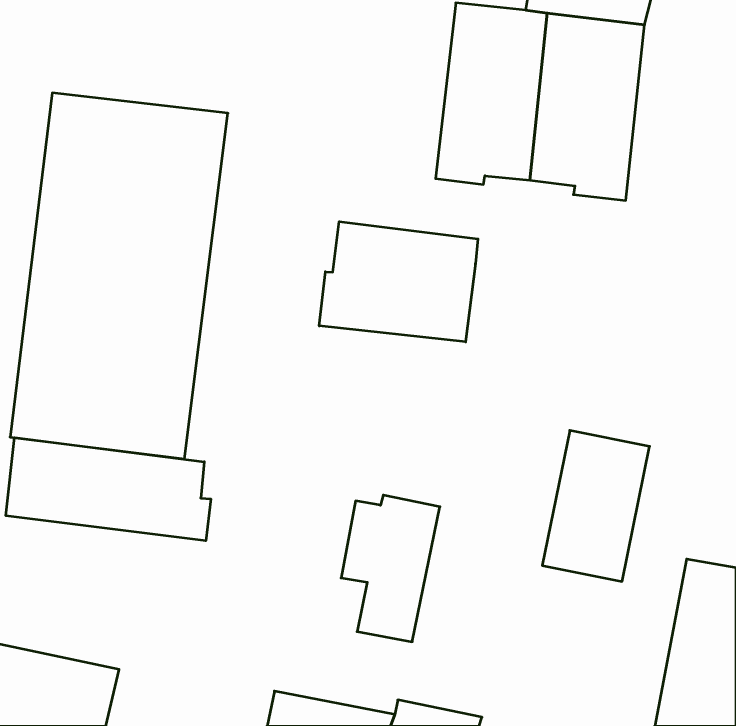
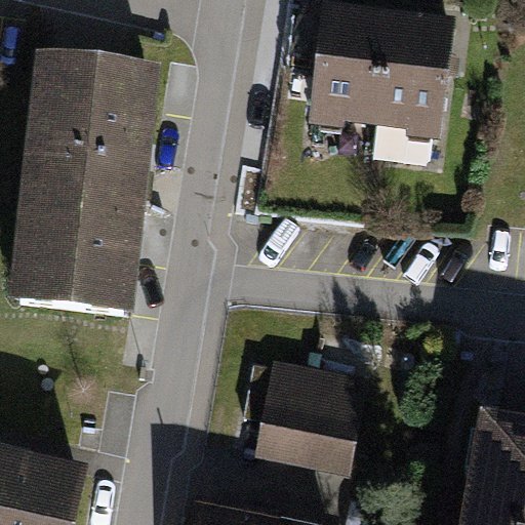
building: [319,222,478,342] -> none
building: [542,430,650,581] -> [291,358,367,465]
building: [6,438,211,541] -> none

